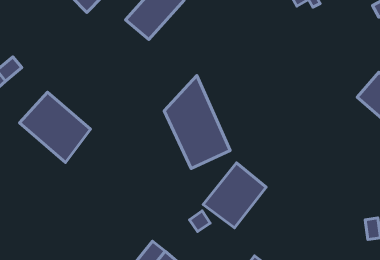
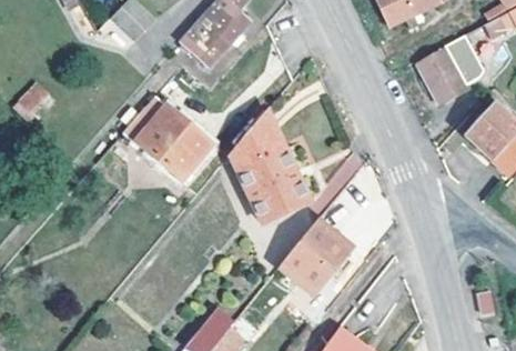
building: none -> [421,32,485,102]
building: [19,92,91,163] -> [122,96,210,182]

